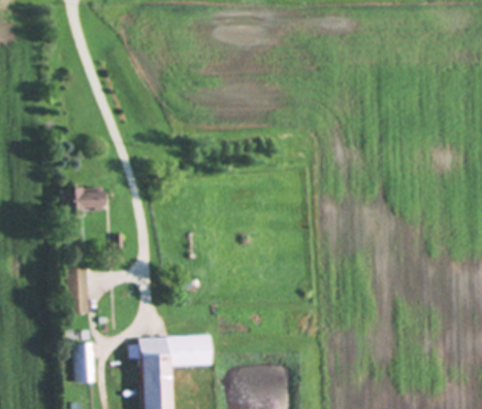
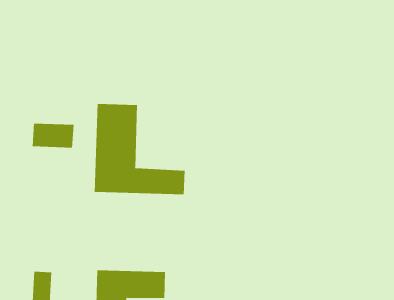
building: none -> [94,103,185,195]
building: [67,267,89,312] -> none

